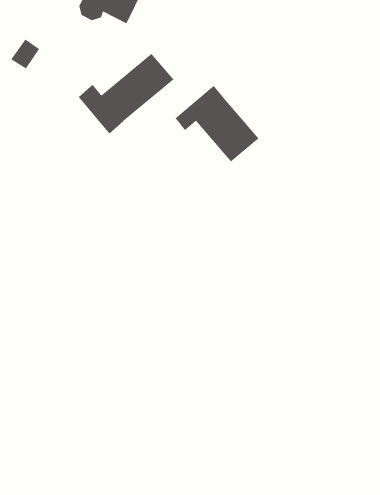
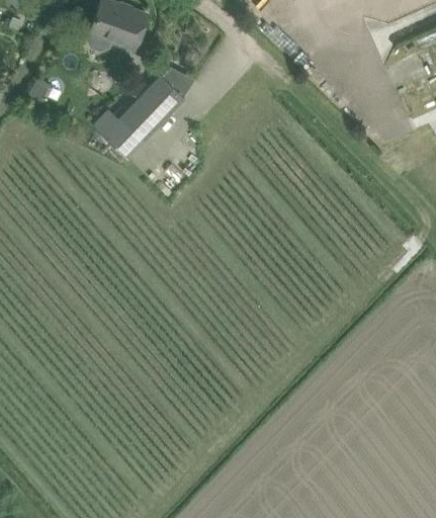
building: [174,85,259,163] -> none

